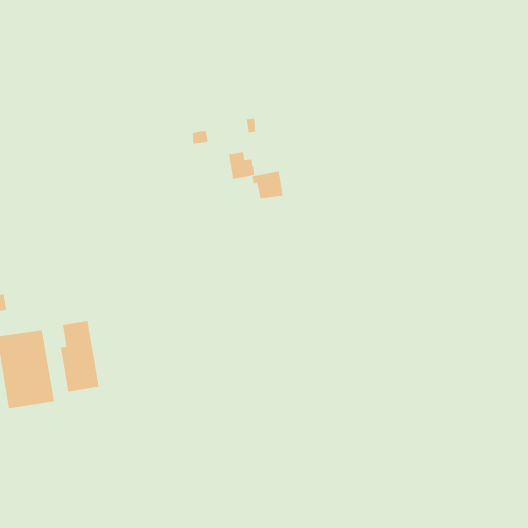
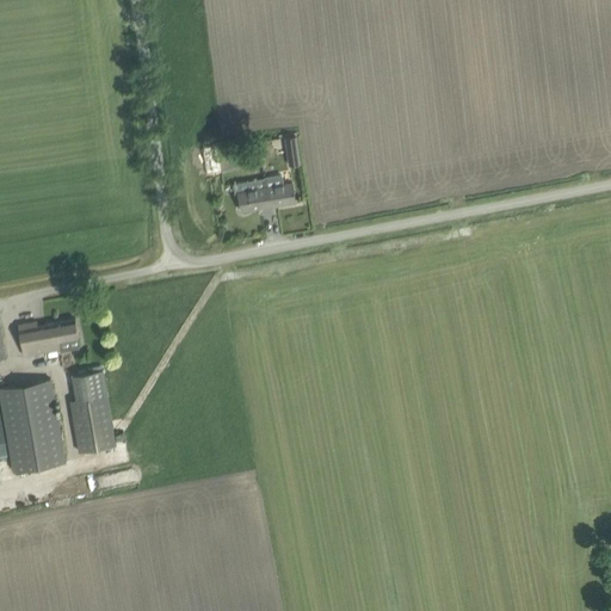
building: [251,171,284,199] -> [230,180,267,212]
building: none -> [17,320,76,357]

